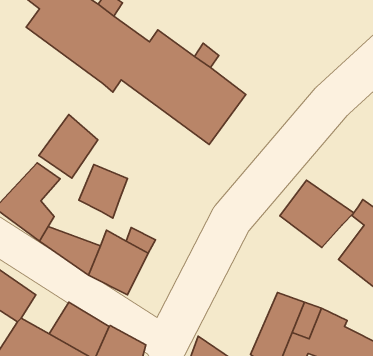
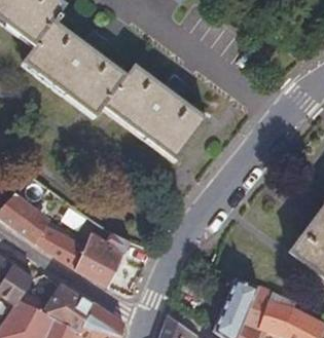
building: [39,114,98,178] -> none
building: [79,164,127,218] -> none
building: [280,180,354,248] -> none

